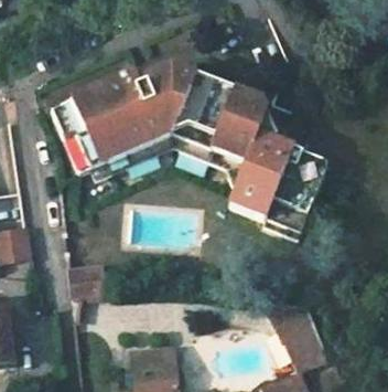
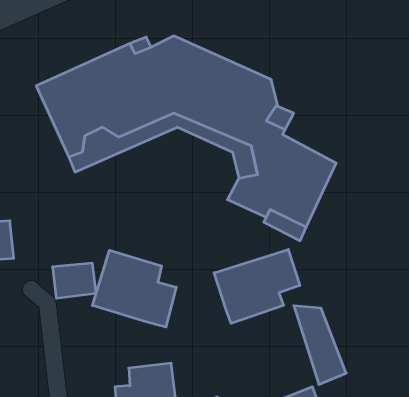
building: none -> [214,249,300,323]
building: none -> [92,250,176,327]

